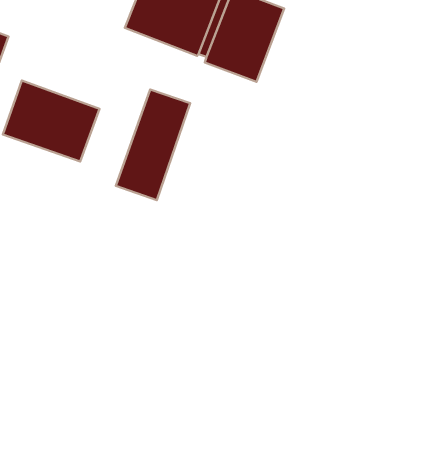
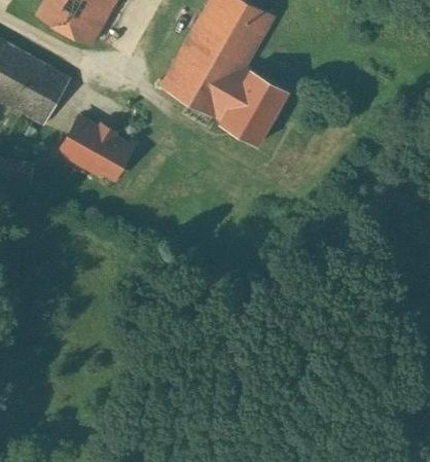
building: [116,90,190,200] -> none

